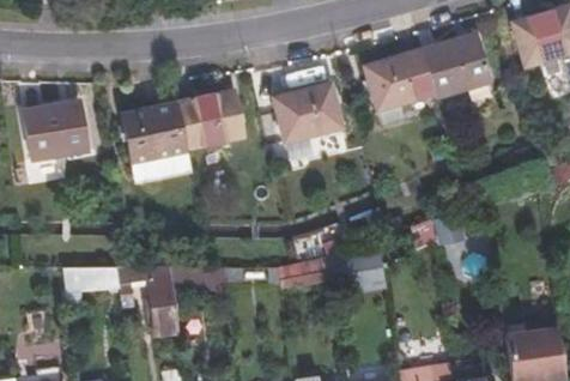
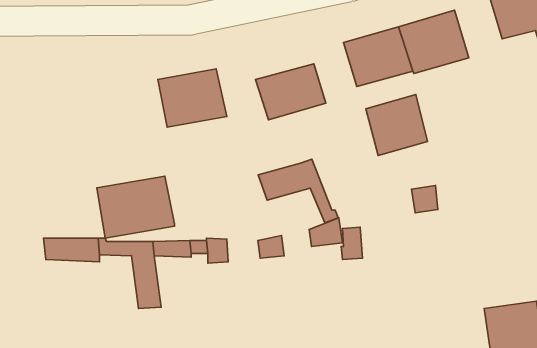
building: [26,99,90,162] -> none
building: [109,102,187,164] -> [97,176,174,238]
building: none -> [366,94,427,155]
building: none -> [258,159,338,223]

